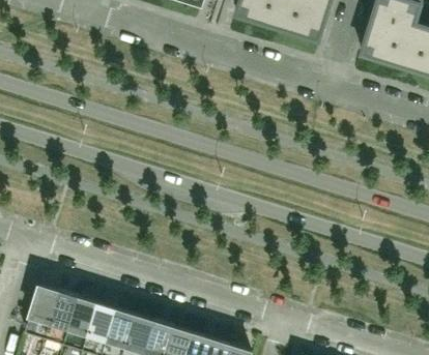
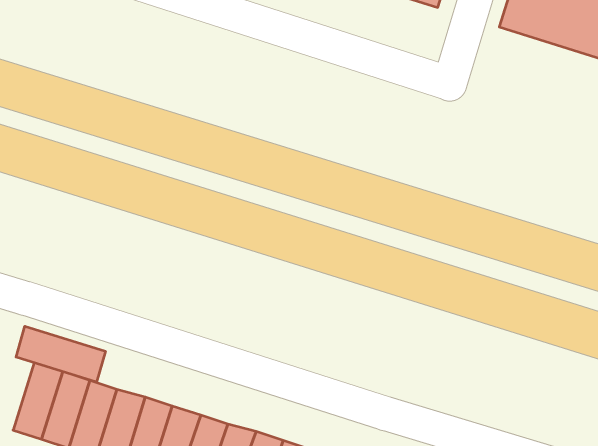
building: none -> [16,326,105,382]

